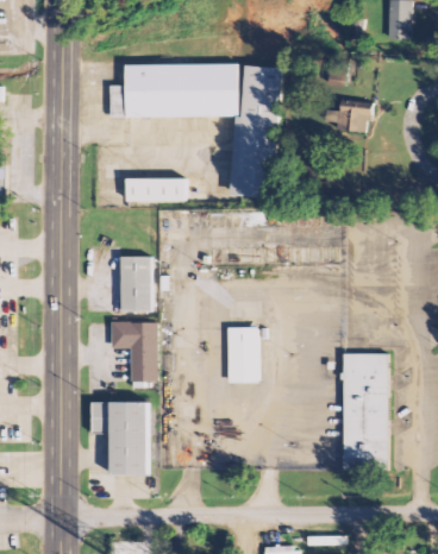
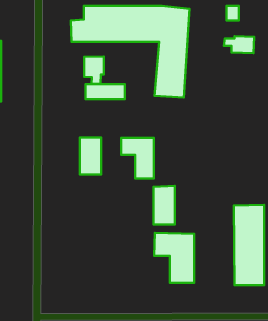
building: none -> [84,57,104,84]
building: [108,320,156,379] -> [121,138,154,179]
building: [89,401,148,473] -> [154,233,194,283]

